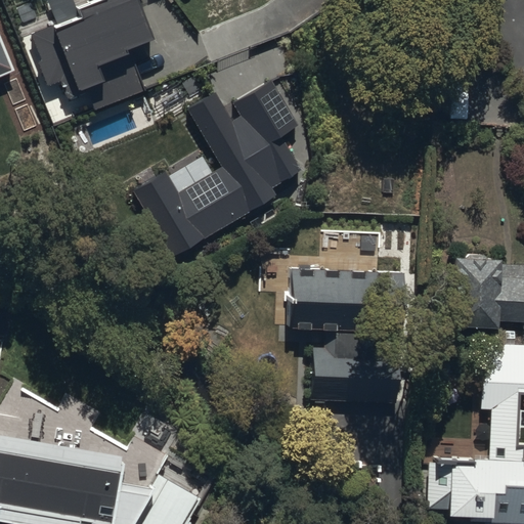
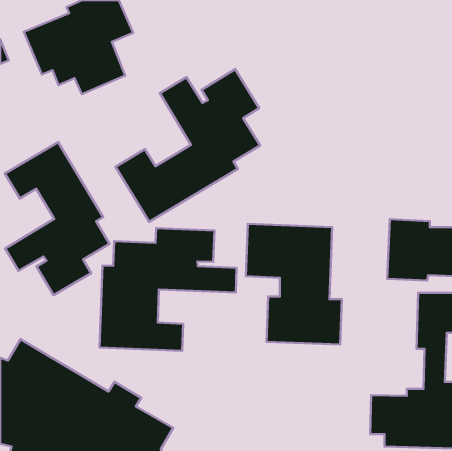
building: none -> [5,142,110,295]
building: none -> [100,228,237,351]

